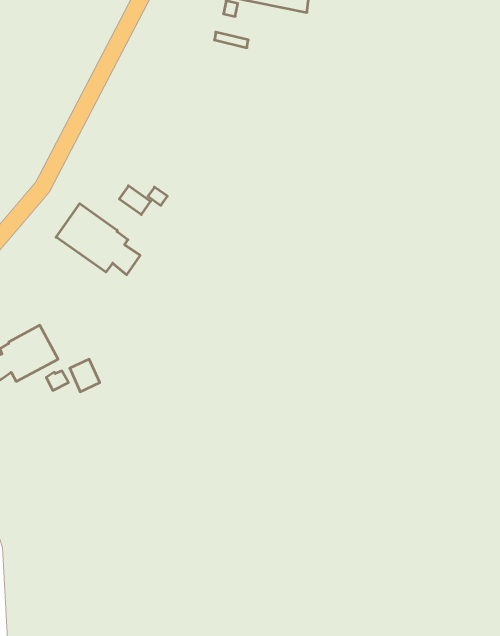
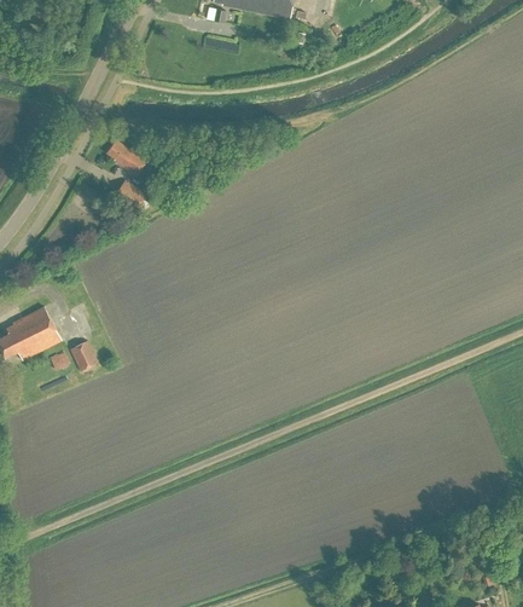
building: none -> [105,138,147,174]
building: [56,204,140,275] -> none

